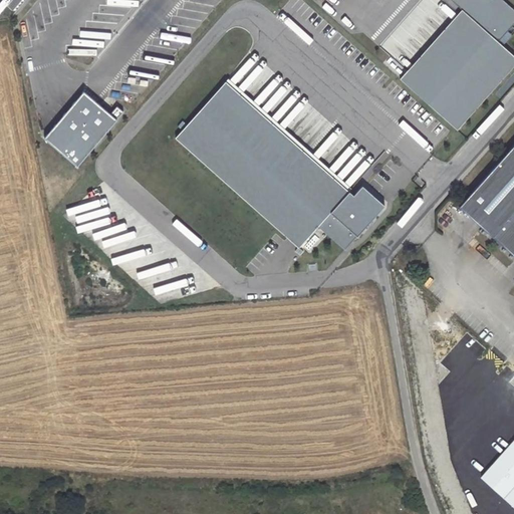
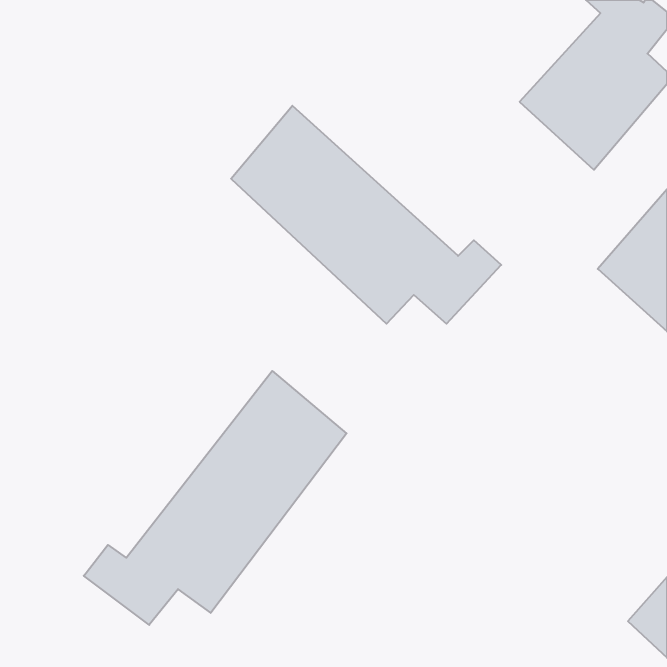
building: [45,91,123,167] -> none
building: none -> [84,371,347,625]

